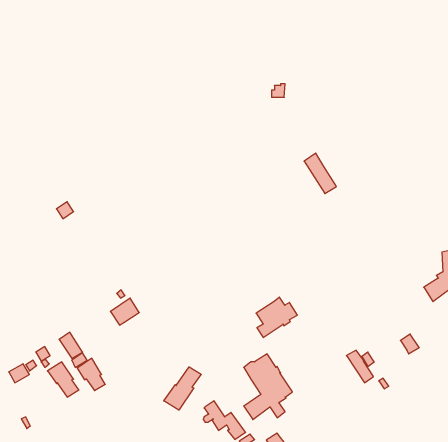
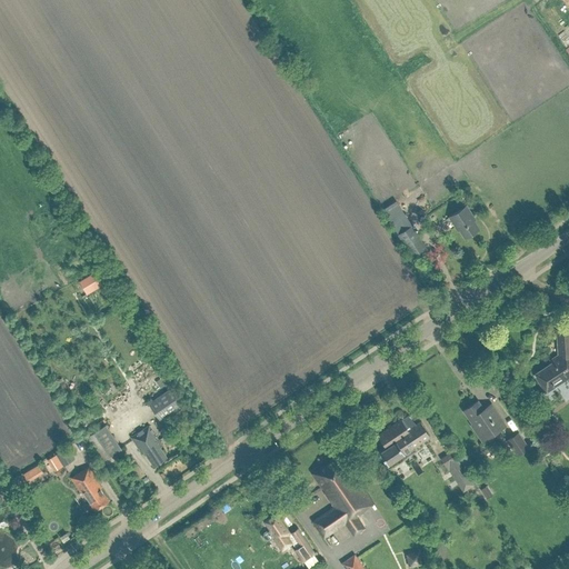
building: none -> [449,207,480,240]
building: [256,297,297,338] -> [379,417,430,467]
building: none -> [465,402,506,442]
building: [77,358,105,391] -> [132,427,167,467]
building: [164,367,201,410] -> none

